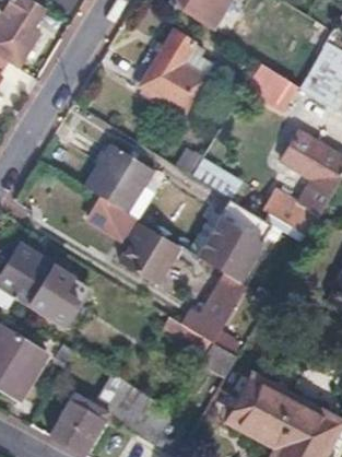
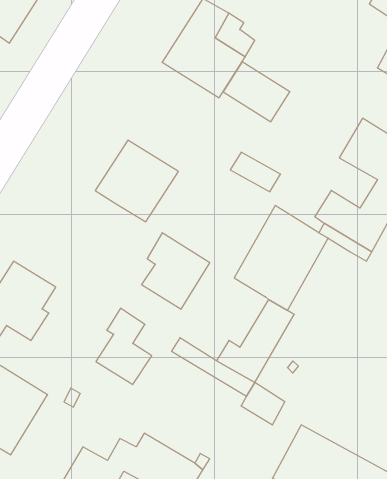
building: [245,63,298,112] -> [223,62,290,122]
building: [89,197,139,242] -> none
building: [34,265,79,326] -> [96,308,152,385]

